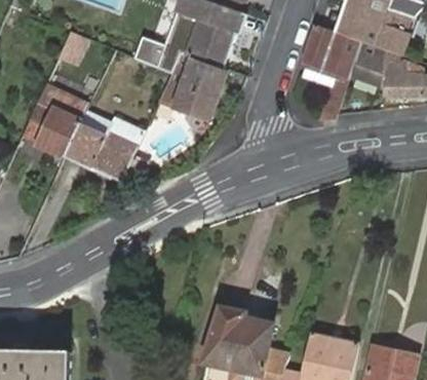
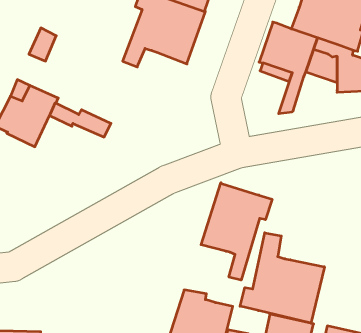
building: [158,52,227,119] -> none
building: [64,123,137,181] -> none
building: none -> [201,183,272,280]
building: none -> [240,233,324,323]

